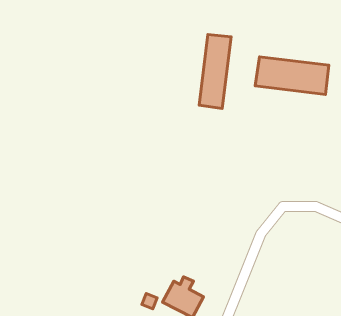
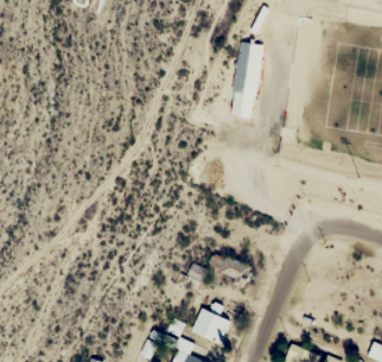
building: [255,57,329,94] -> none

